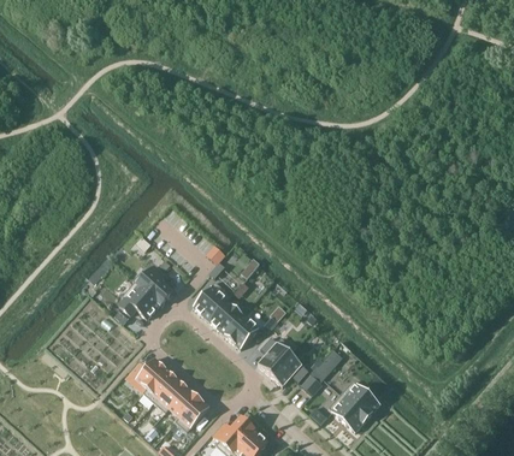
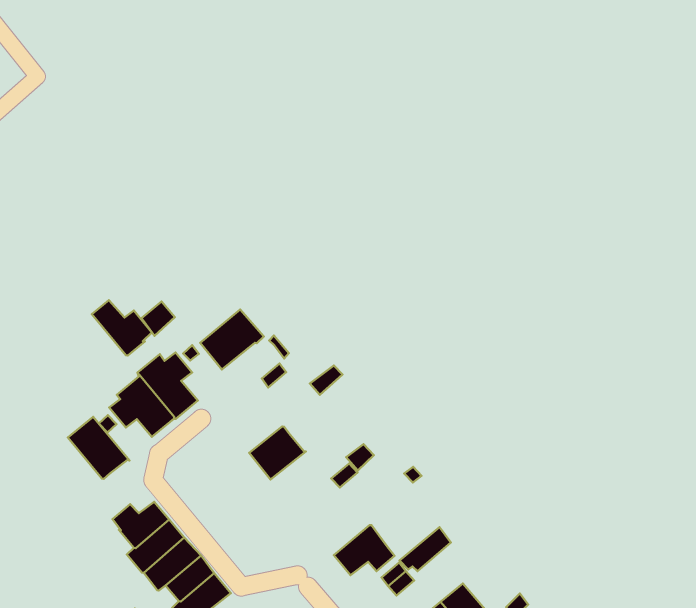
building: none -> [92,300,152,356]
building: [194,280,232,319] -> [200,310,264,369]
building: none -> [68,417,130,479]
building: [225,313,260,348] -> none
building: [259,336,295,374] -> none

